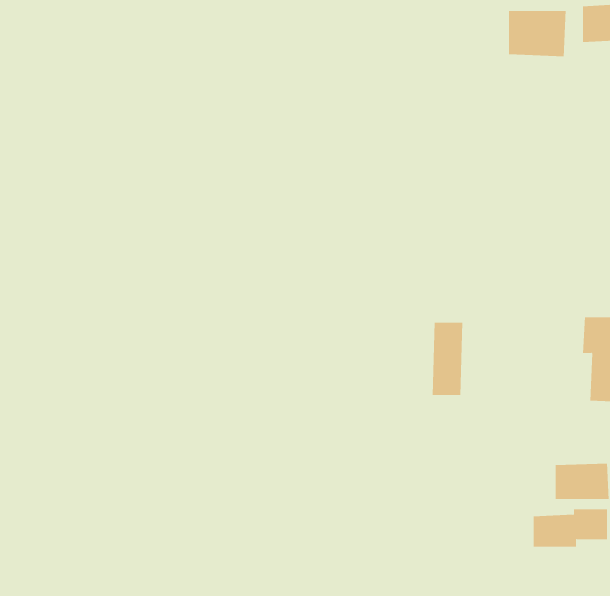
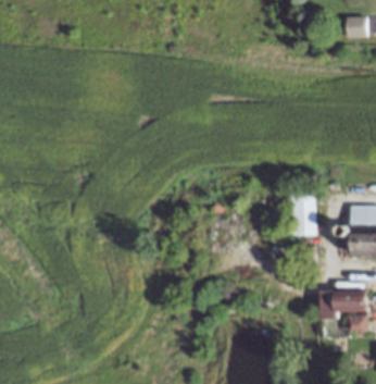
building: [508,10,566,57] -> none
building: [432,322,463,395] -> [297,187,315,231]

